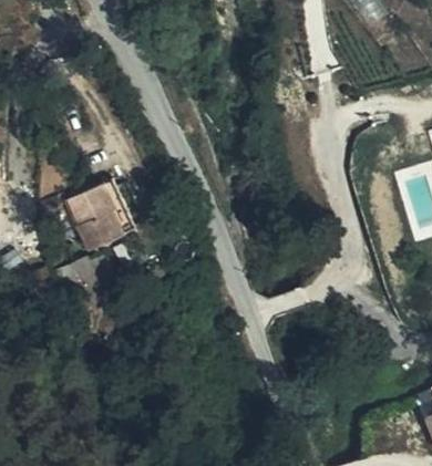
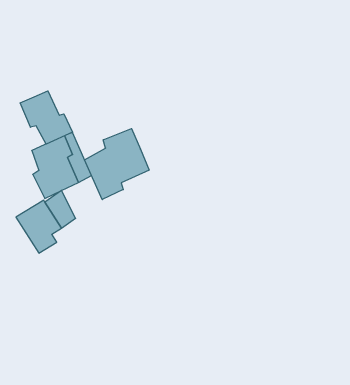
building: none -> [20,91,73,144]
building: none -> [85,129,149,200]

